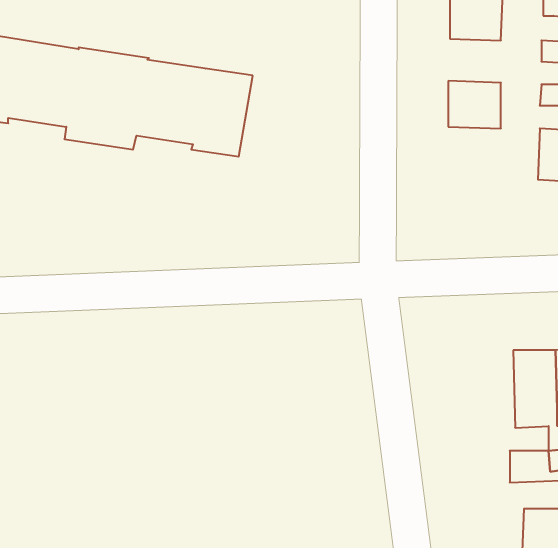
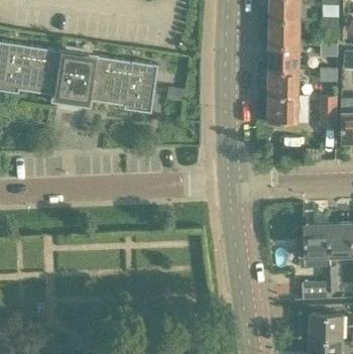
building: none -> [267,44,298,70]
building: none -> [266,95,298,121]

